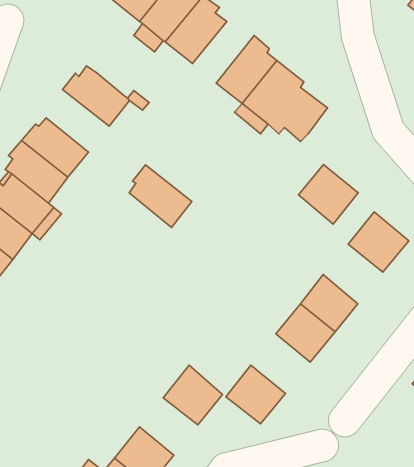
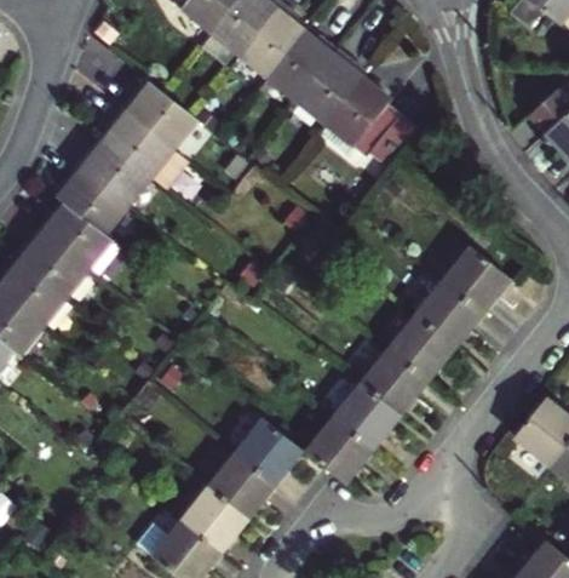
building: none -> [269,32,338,101]
building: [299,165,358,224] -> [415,281,482,348]
building: [129,165,192,228] -> [105,108,176,178]
building: none -> [334,382,401,448]
building: none -> [209,453,275,517]

